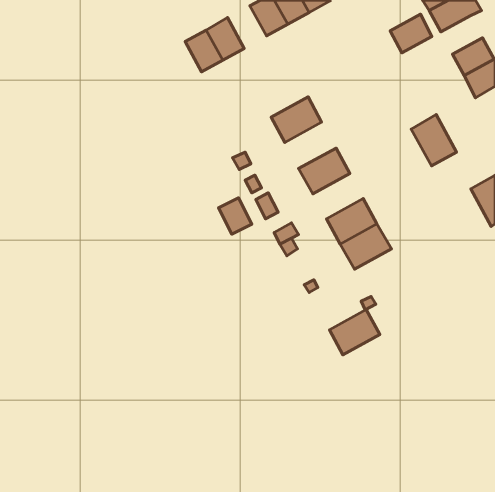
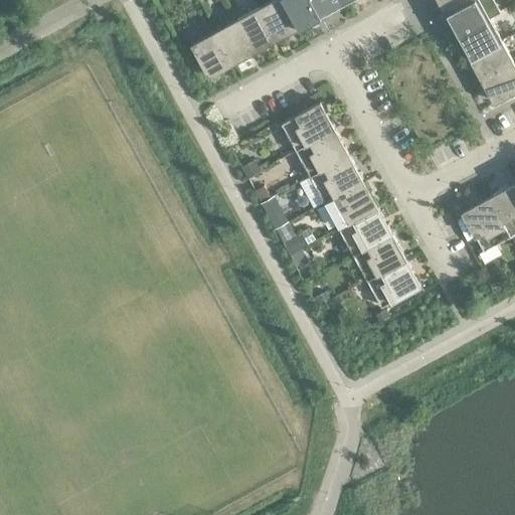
building: none -> [236,9,277,53]
building: [390,14,432,53] -> [458,19,501,59]
building: [411,115,457,166] -> [463,199,510,252]
building: none -> [296,130,349,178]
building: none -> [325,183,377,230]
building: [219,198,252,234] -> none
building: [329,309,380,355] -> [368,262,420,309]

